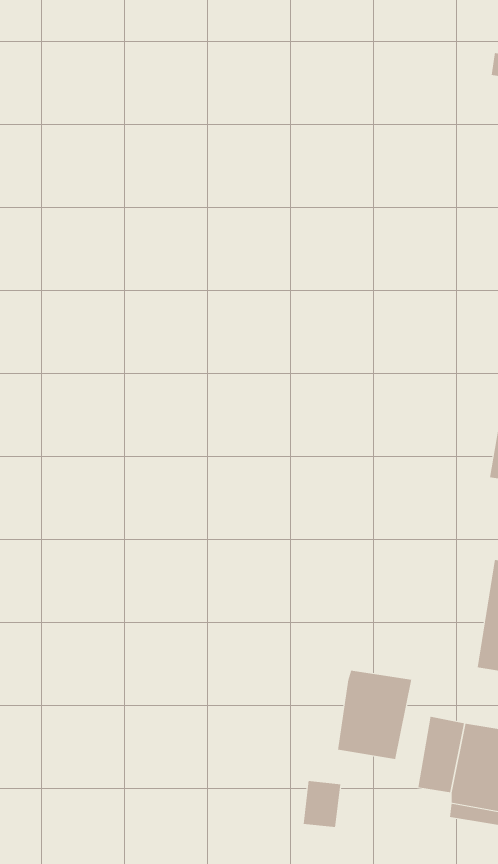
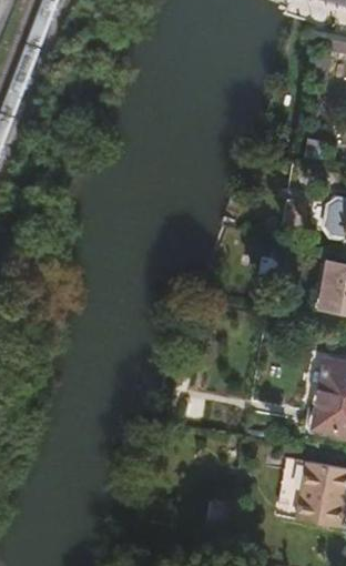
building: [338,670,412,760] -> none

